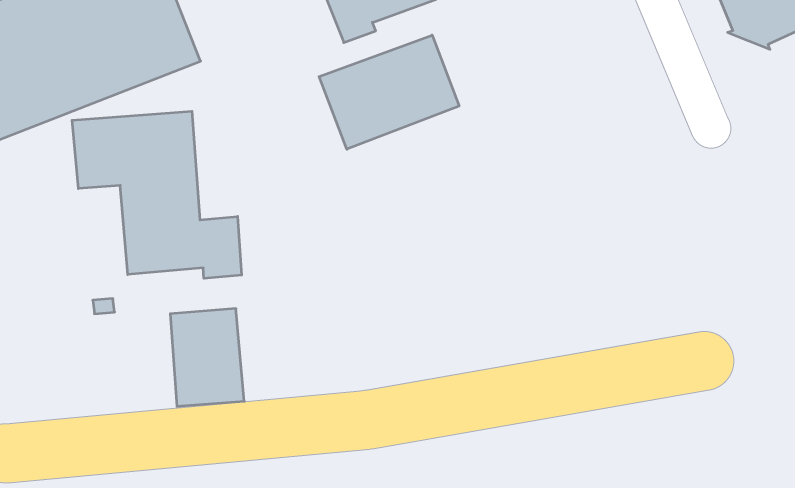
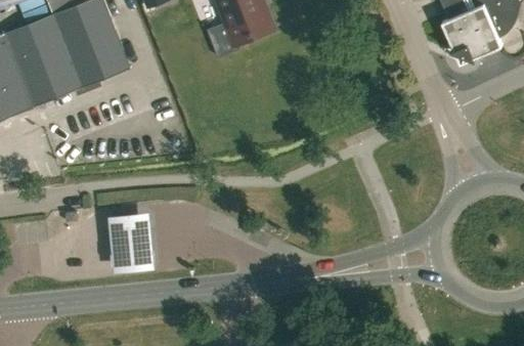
building: [319,35,459,149] -> none
building: [72,111,242,278] -> none

